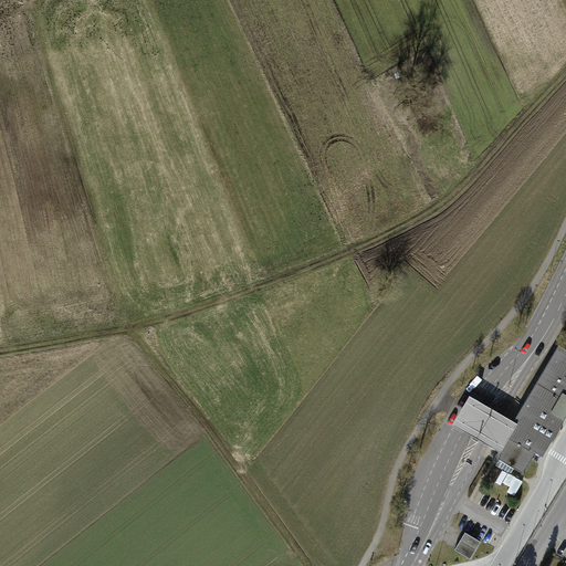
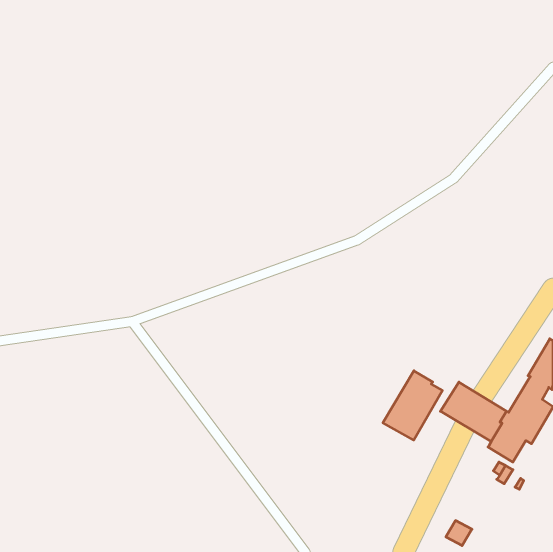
building: none -> [383,371,442,440]

